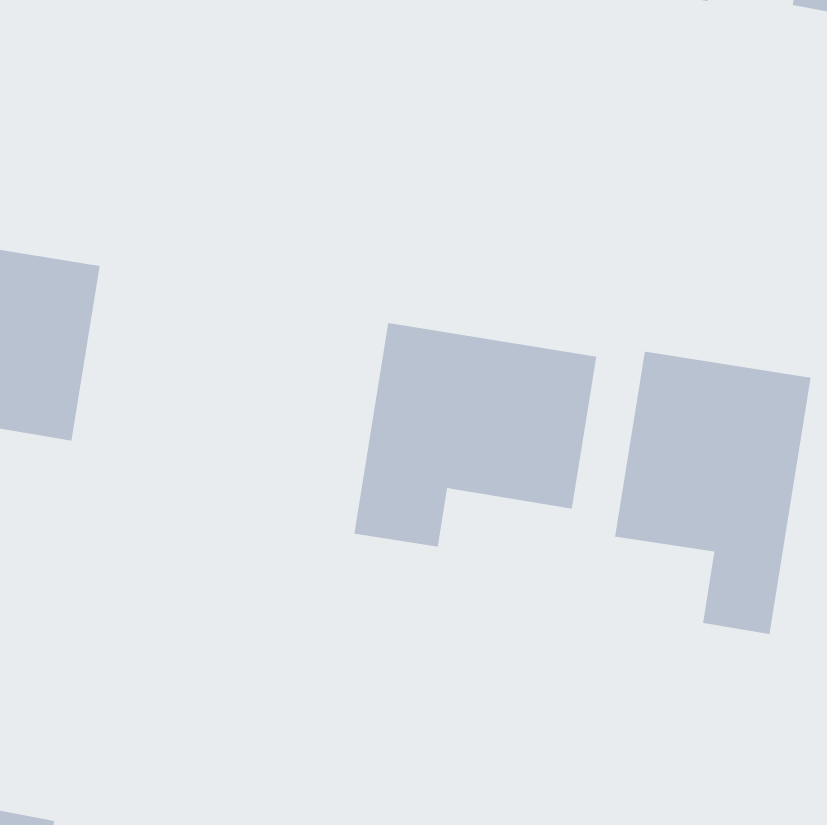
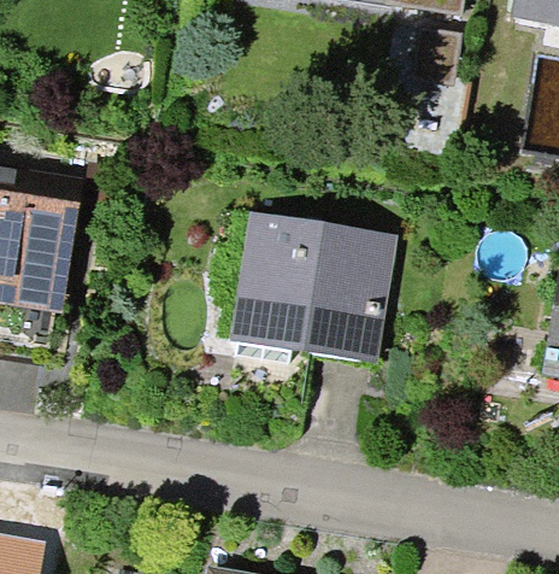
building: [615,351,811,635] -> none

